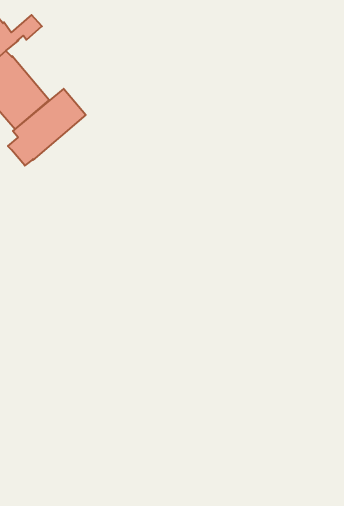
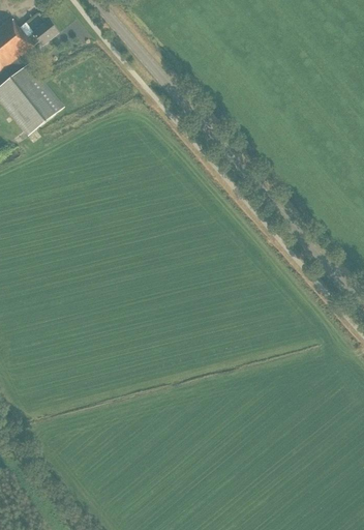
building: [8,89,86,166] -> none

